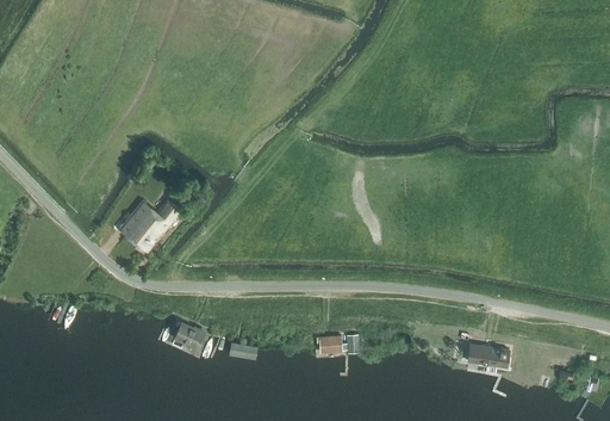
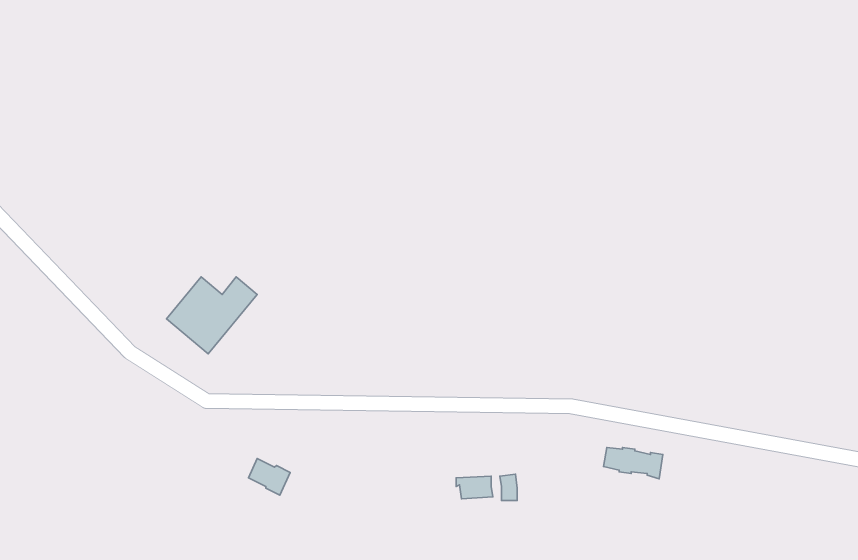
building: [467,345,508,366] -> [603,447,663,479]

